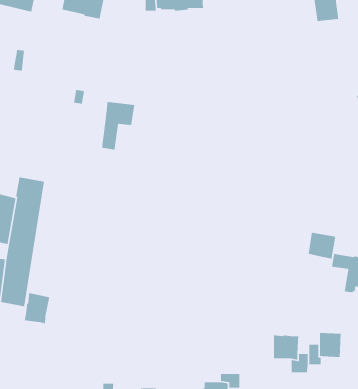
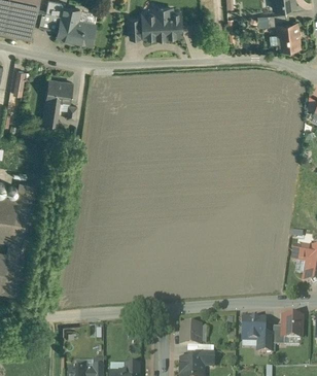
building: [101,101,135,151] -> [43,79,73,123]
building: [308,232,336,260] -> none
building: [24,292,50,324] -> none
building: none -> [180,326,200,346]

